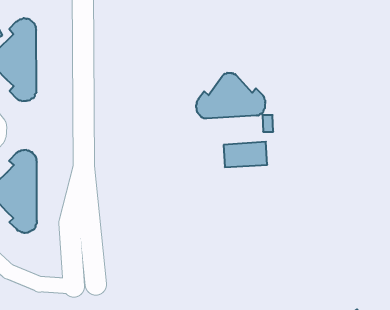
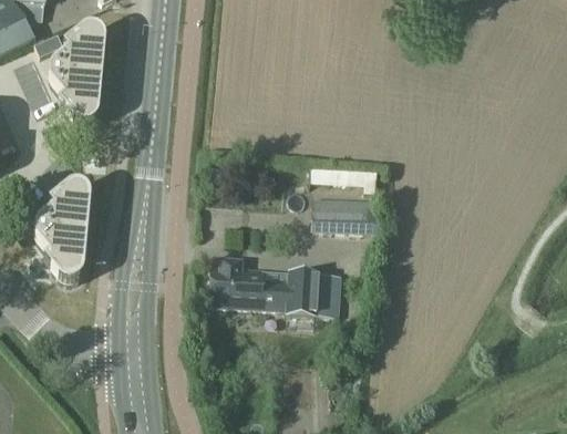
building: [196,73,265,118] -> none
building: none -> [208,257,340,314]

